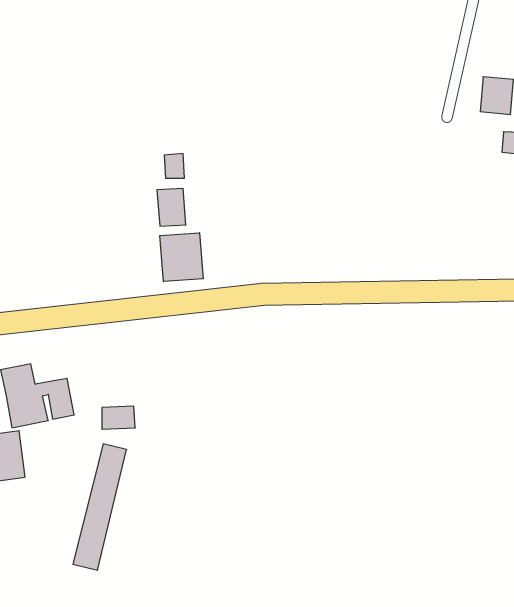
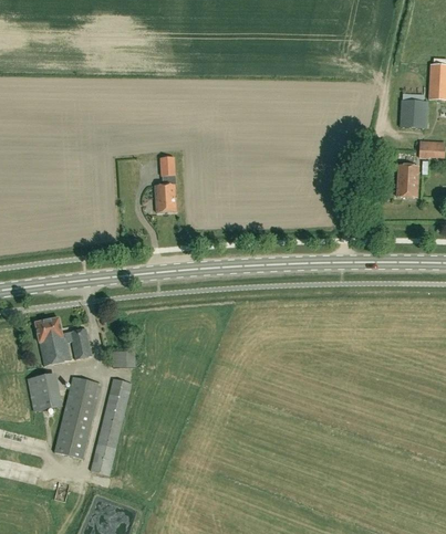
building: none -> [397,164,418,197]
building: [160,233,203,282] -> none
building: none -> [54,376,101,459]

